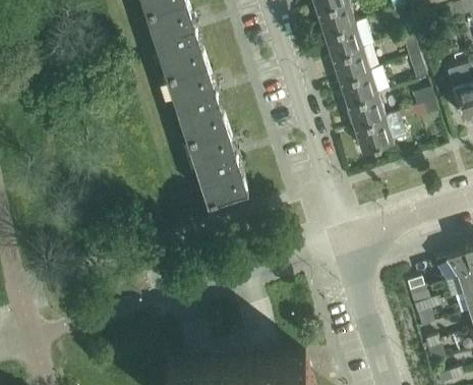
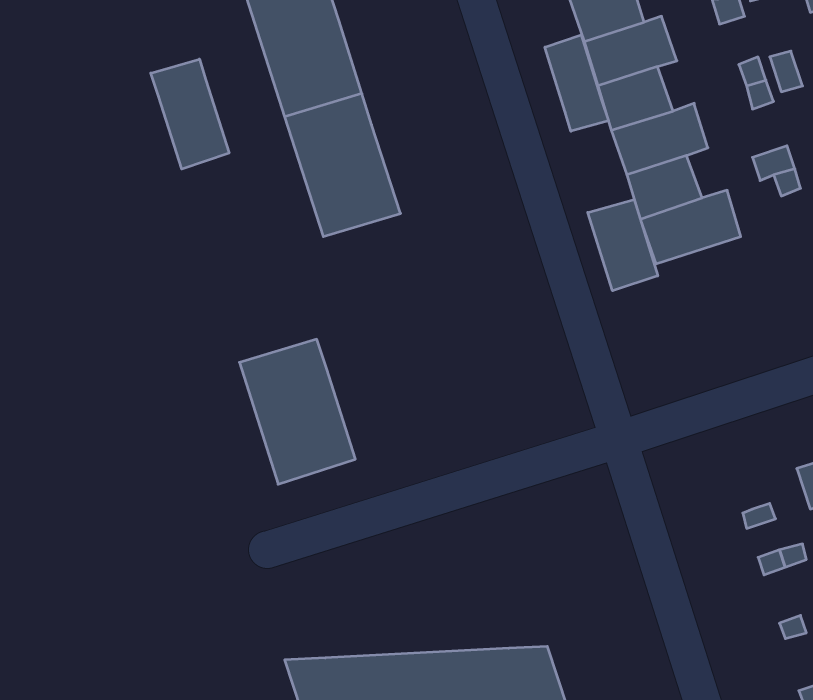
building: none -> [545,35,608,131]
building: none -> [151,59,229,169]
building: none -> [588,200,658,291]
building: [186,127,247,204] -> [239,339,355,484]

